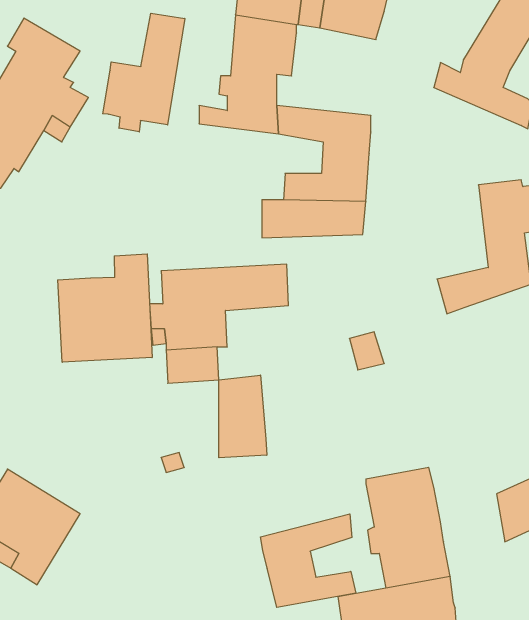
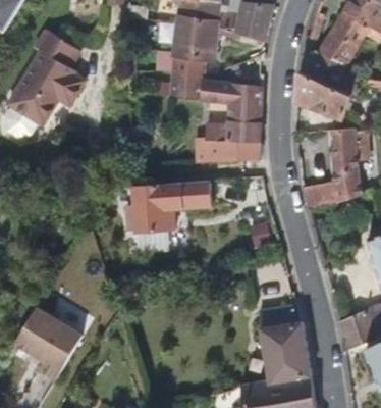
building: [103,13,185,132] -> none
building: none -> [296,70,353,118]
building: [58,254,152,362] -> none
building: [219,375,267,458] -> none
building: [261,514,356,607] -> none

